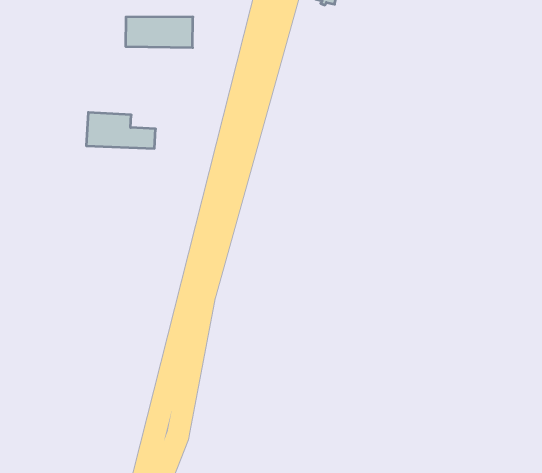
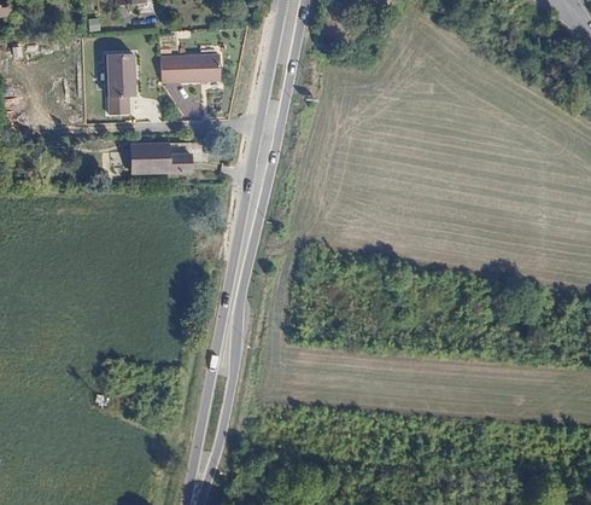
building: none -> [106,53,135,115]

